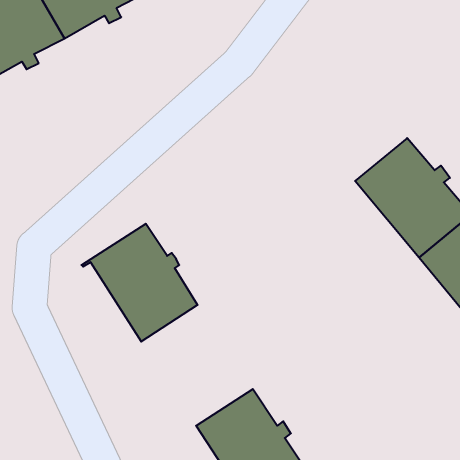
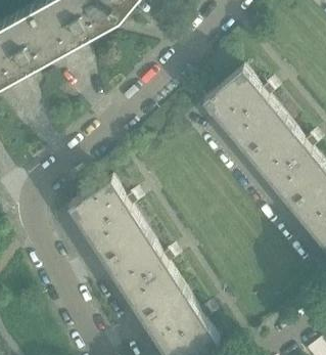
building: none -> [201,73,284,154]
building: none -> [106,237,181,318]

